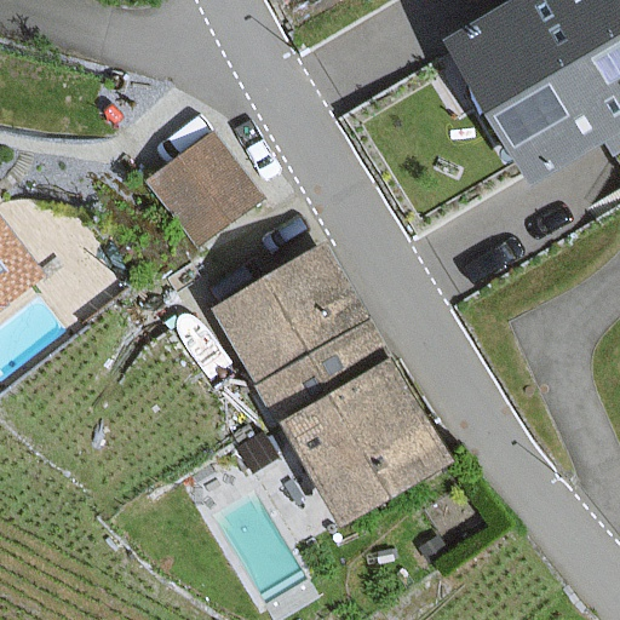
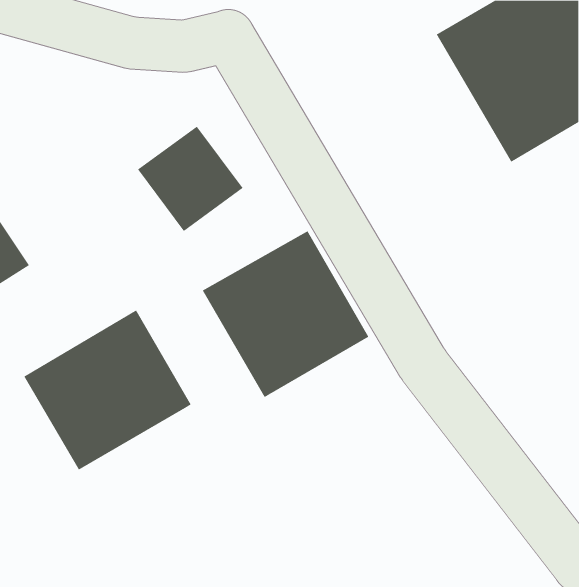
building: none -> [24,309,192,470]
building: [283,354,452,519] -> none

